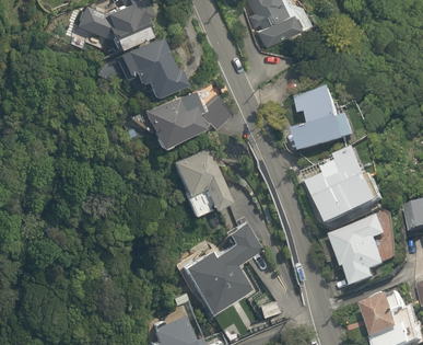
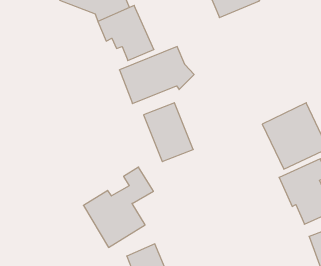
building: [297,87,360,156] -> none
building: [180,222,262,317] -> [83,167,153,247]

